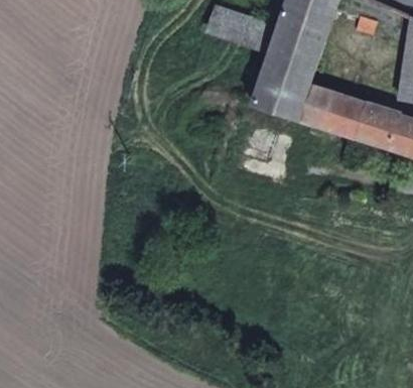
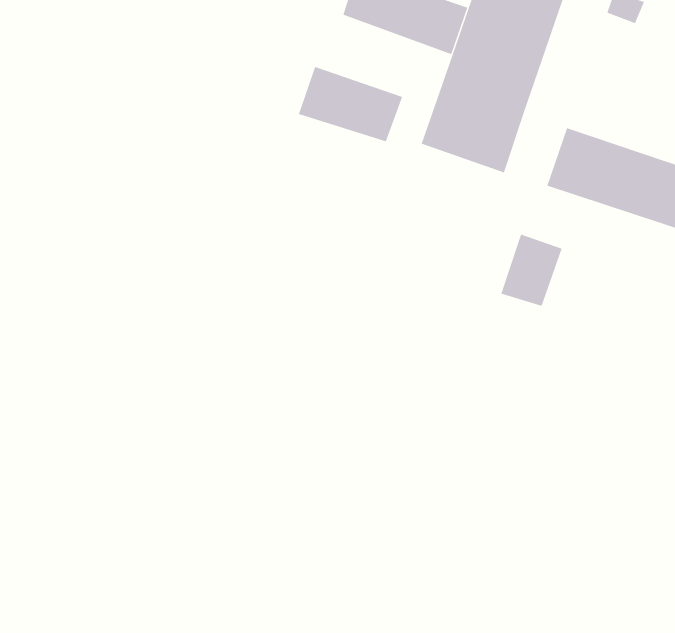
building: none -> [298,66,403,142]
building: [298,85,332,125] -> [500,234,562,307]

